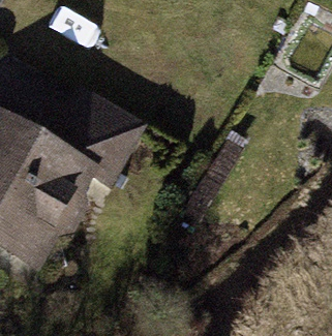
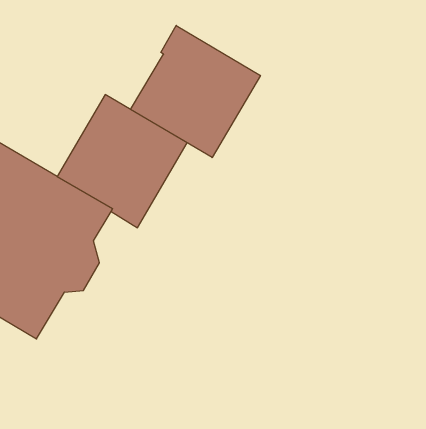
building: none -> [131,25,260,158]

